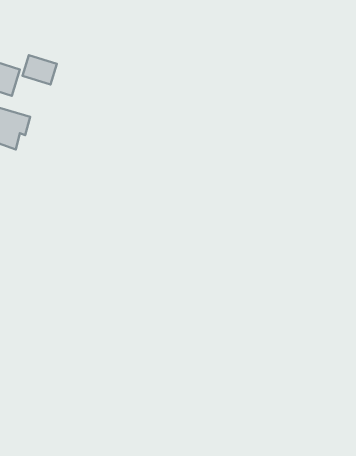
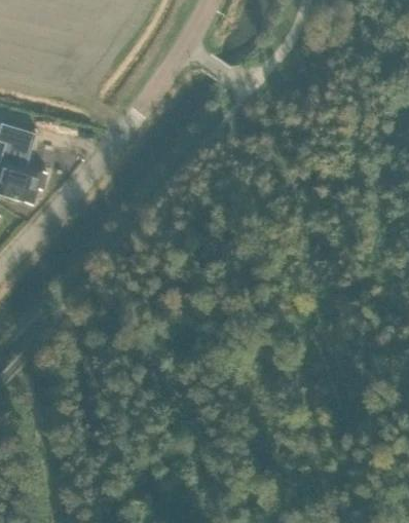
building: [23,55,57,84] -> none

